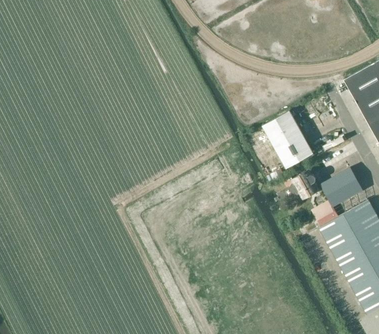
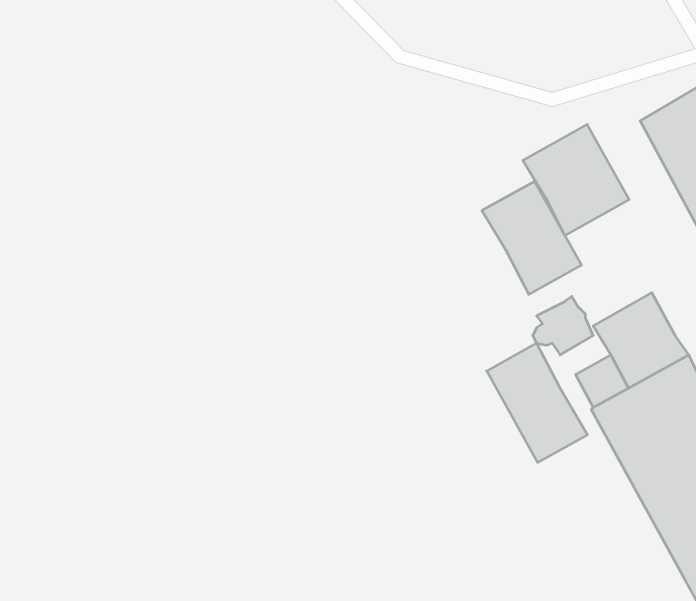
building: none -> [523,124,629,235]
building: none -> [487,343,587,462]

